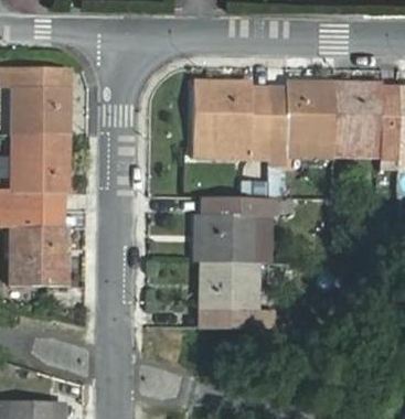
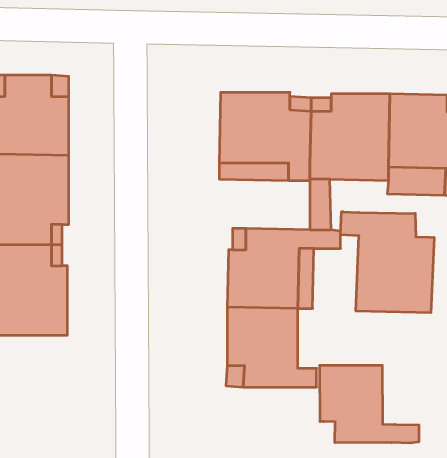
building: none -> [341,212,434,313]
building: none -> [320,365,419,443]

